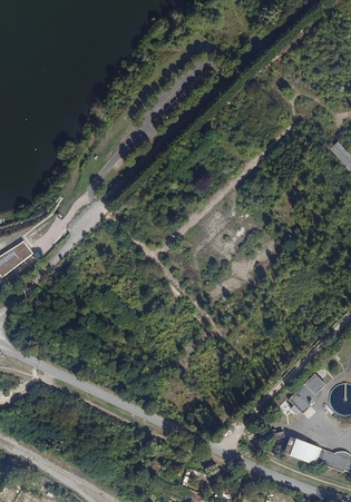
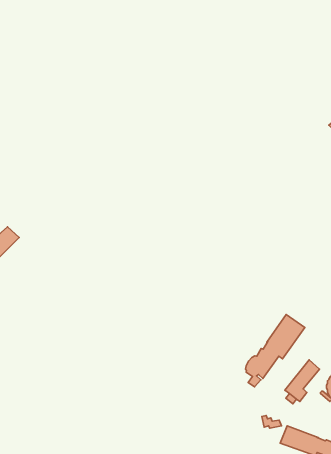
building: none -> [246,314,305,387]

